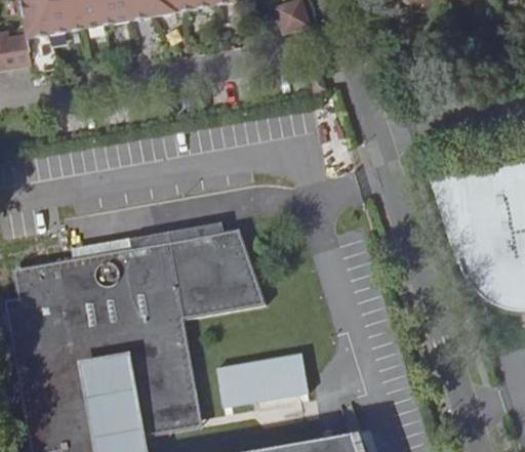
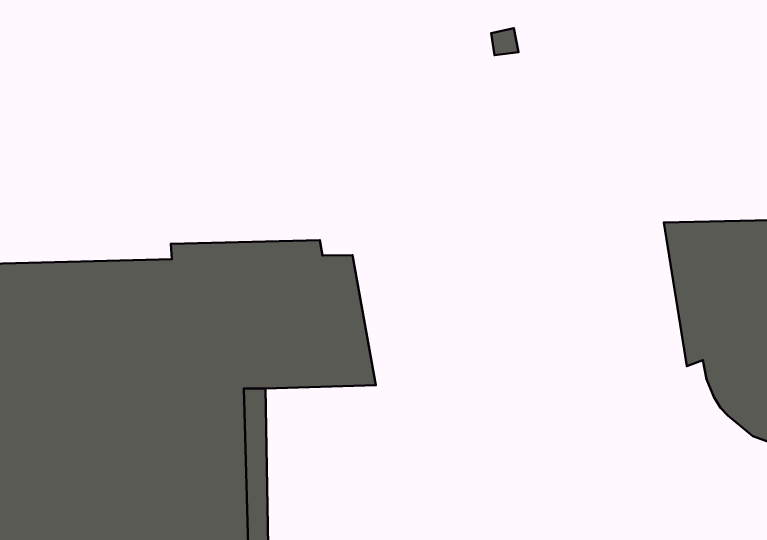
building: [232,348,323,404] -> none

